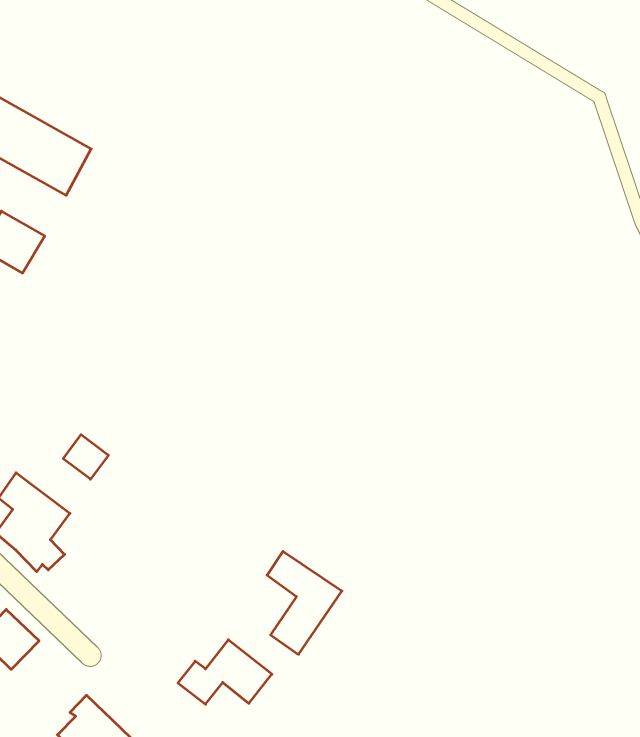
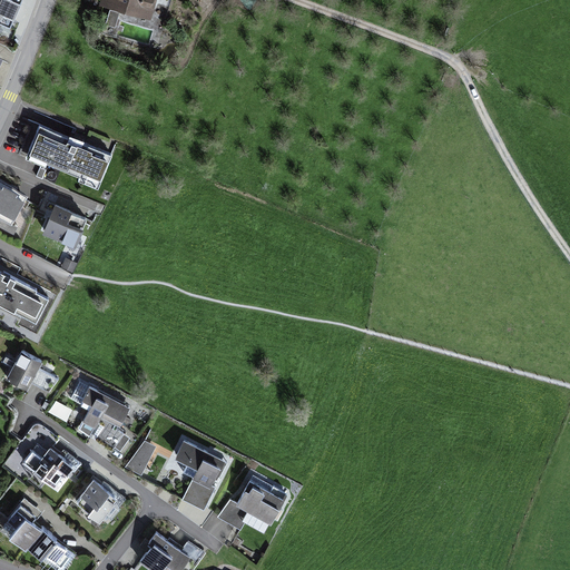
building: [63,435,108,479] -> none
building: [267,551,342,654] -> [173,440,226,510]
building: none -> [125,440,155,473]

